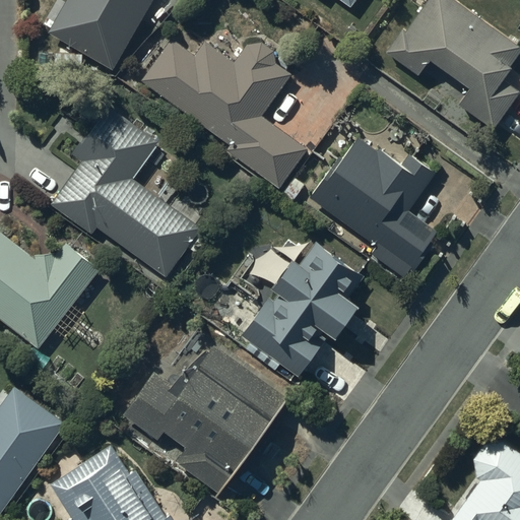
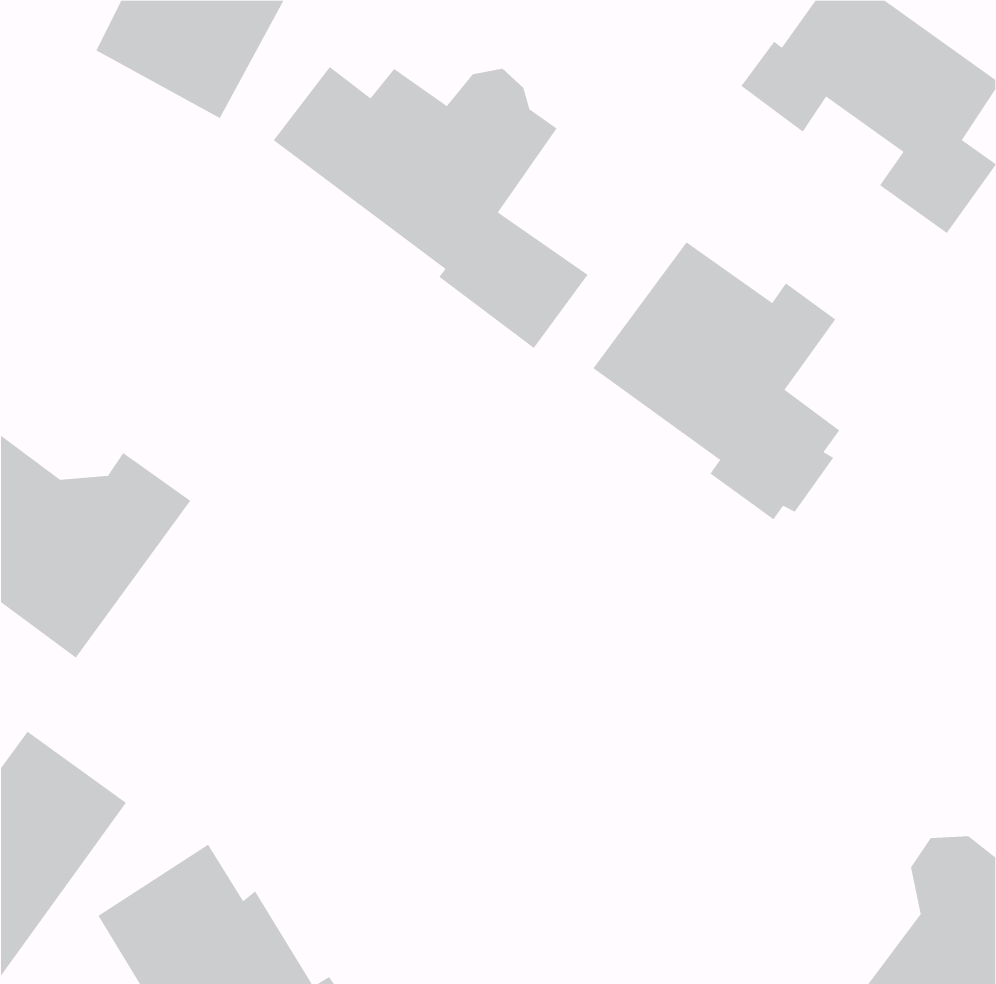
building: [50,107,206,278] -> none
building: [243,242,363,375] -> none
building: [123,340,289,494] -> none

